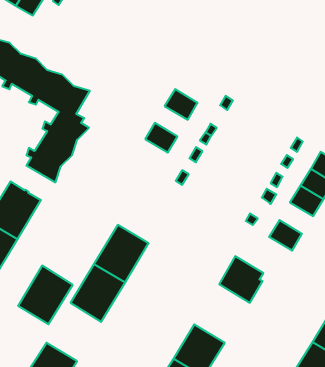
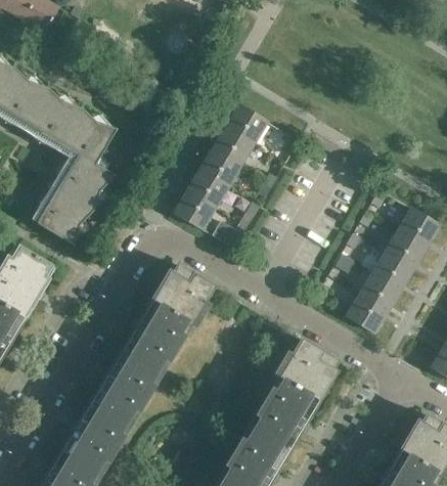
building: none -> [224,105,267,145]
building: none -> [198,149,240,188]
building: none -> [173,191,215,231]
building: none -> [151,266,213,327]
building: none -> [357,272,400,312]
building: [18,266,73,324] -> [60,400,130,475]
building: none -> [249,377,319,451]

